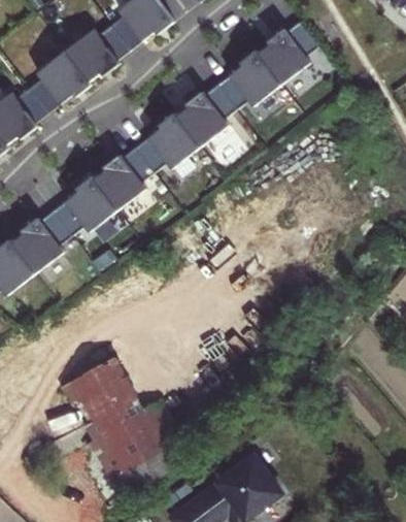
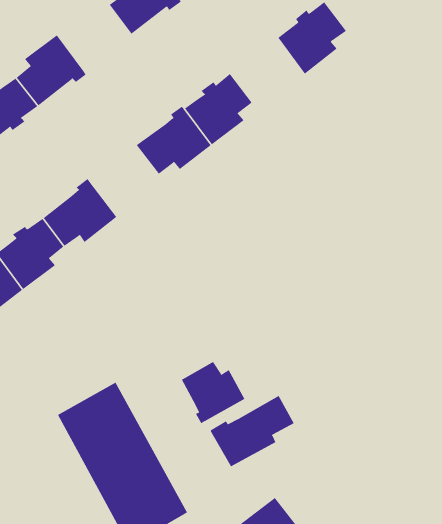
building: [64,24,129,81] -> none
building: [215,50,280,109] -> none
building: [93,146,153,209] -> none
building: none -> [181,361,245,424]
building: none -> [210,395,295,467]

